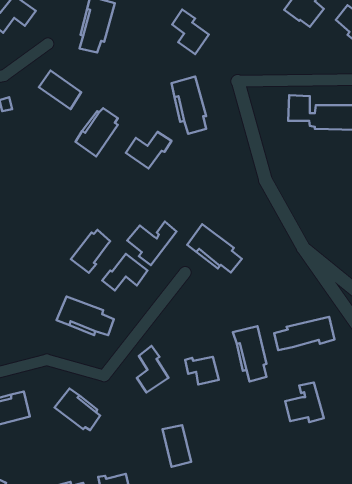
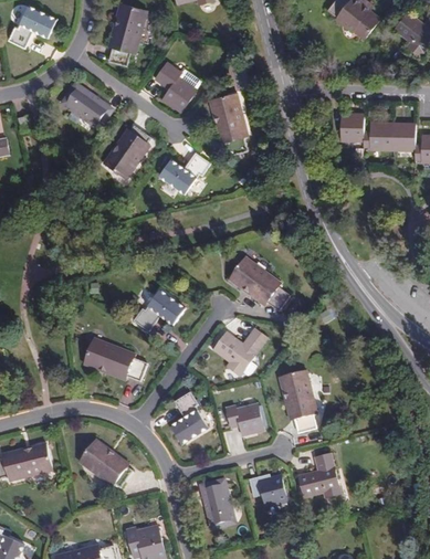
building: [172,10,209,54] -> [155,63,196,113]
building: [127,222,177,265] -> [213,326,269,375]
building: [71,230,110,273] -> none
building: [274,317,334,350] -> none
building: [285,382,324,422] -> [297,453,340,497]
building: none -> [249,474,286,506]

